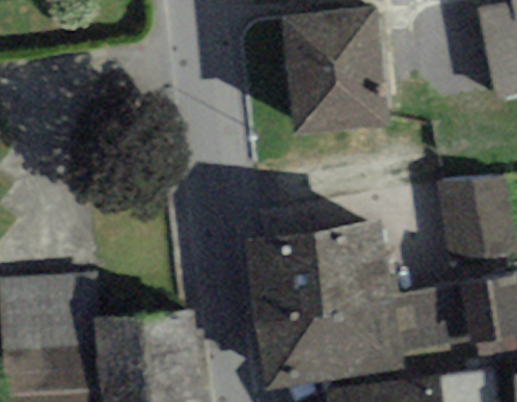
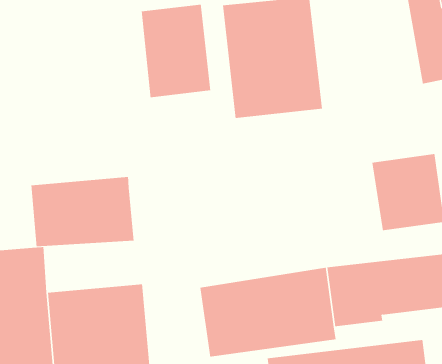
building: none -> [141,4,211,98]
building: none -> [31,176,134,247]
building: [244,219,390,315] -> none

